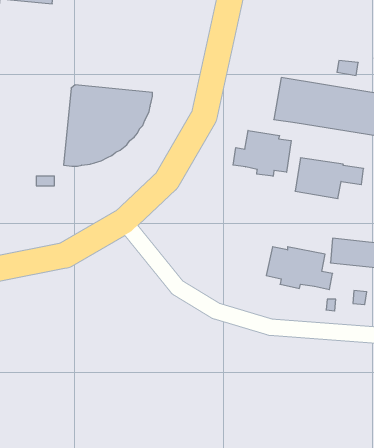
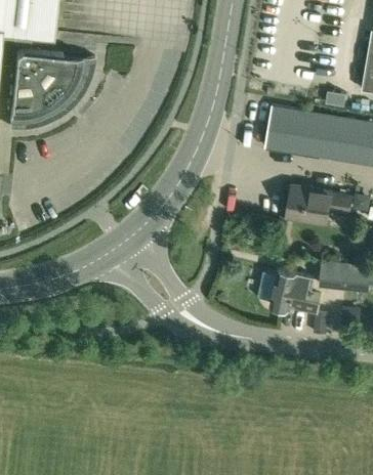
building: [64,85,152,166] -> [9,51,94,129]
building: [233,130,291,176] -> none

